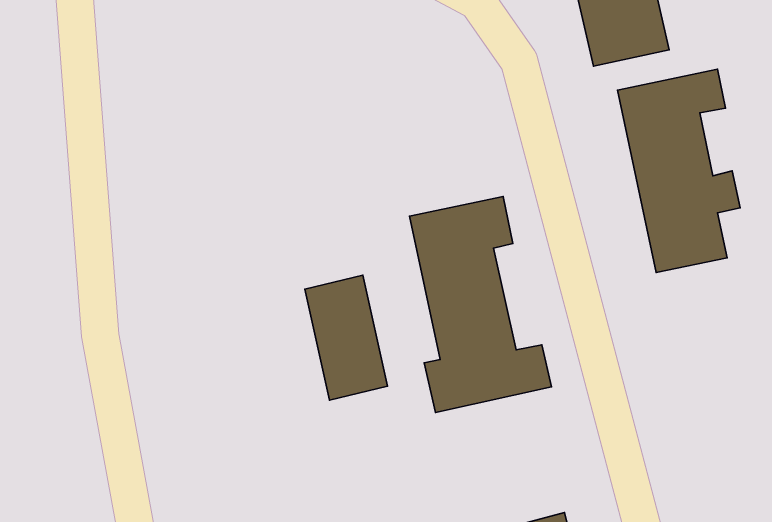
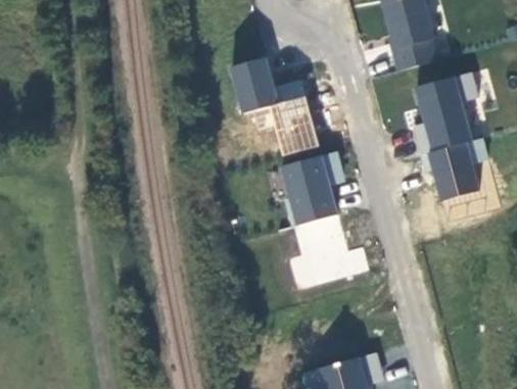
building: none -> [229,56,319,156]
building: [305,275,387,400] -> none

